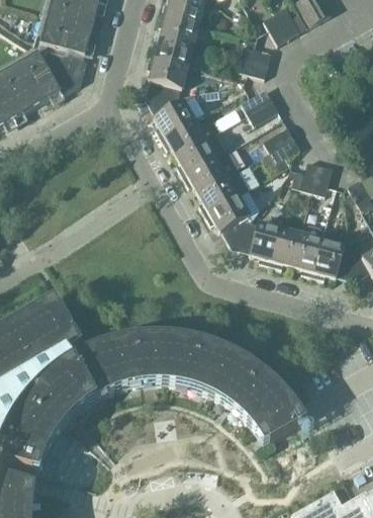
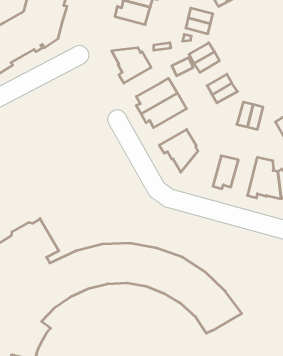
building: [146,55,187,97] -> none
building: [161,117,205,153] -> none
building: [197,168,249,212] -> none
building: [230,220,280,263] -> none
building: [292,223,323,274] -> none

